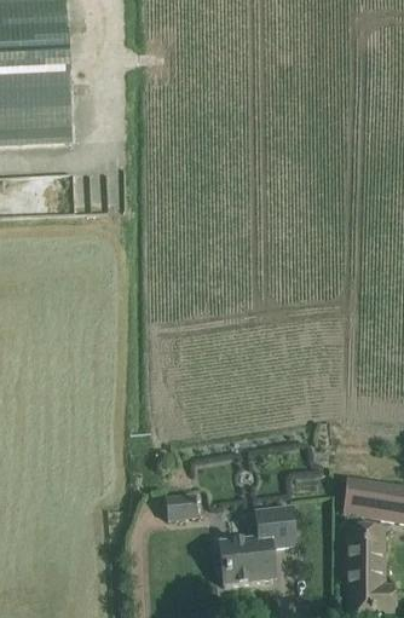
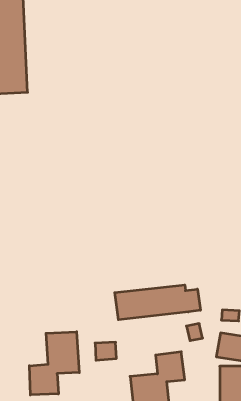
building: none -> [115,285,200,320]
building: none -> [29,332,79,395]

